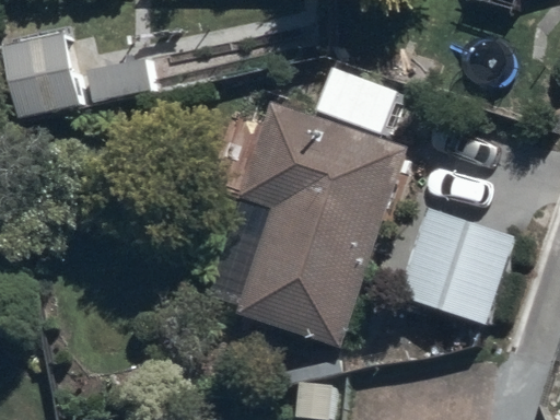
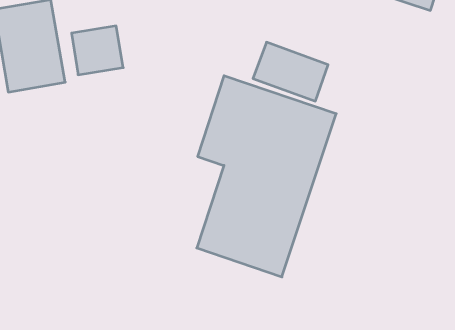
building: [382,203,511,325] -> none

